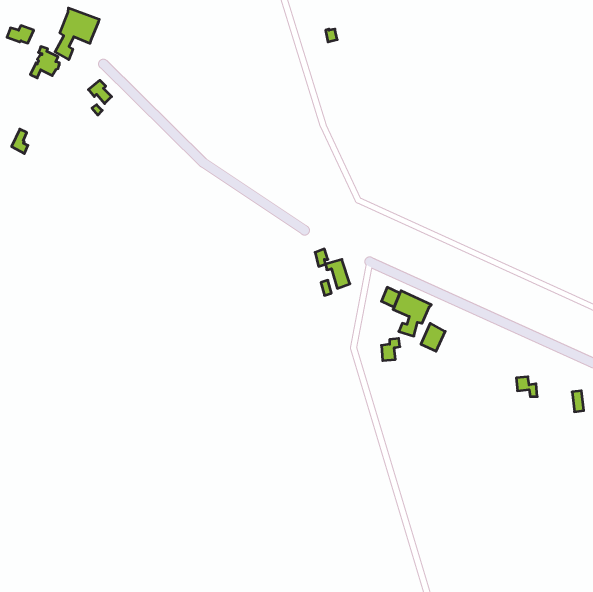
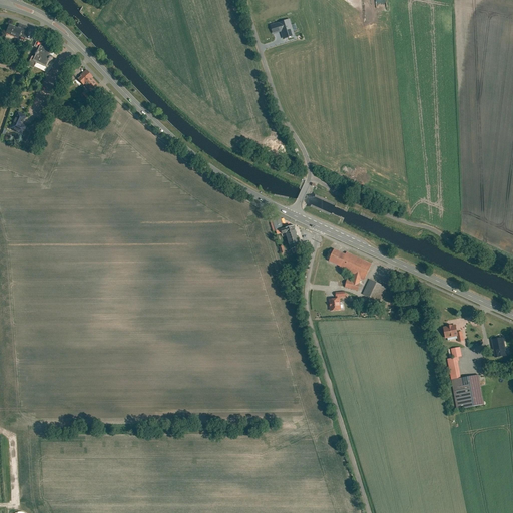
building: [55,8,99,60] -> none
building: none -> [447,347,482,408]

